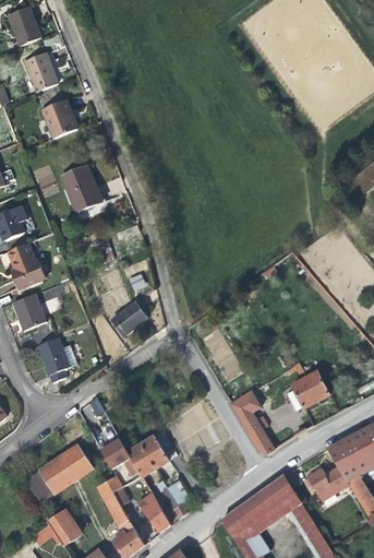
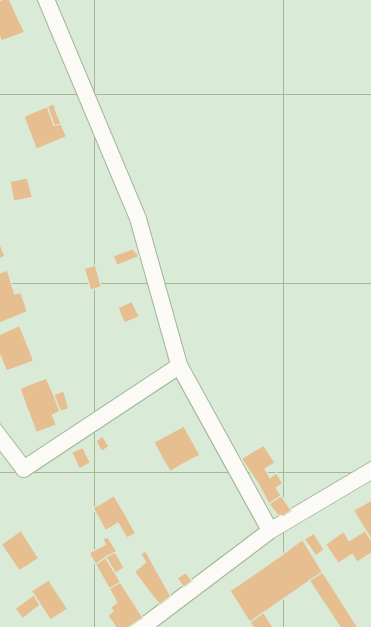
building: [27,52,60,90] -> none
building: [63,167,104,212] -> none
building: [114,304,150,335] -> none
building: [287,373,328,413] -> none
building: [128,437,168,476] -> [154,426,200,472]
building: [39,443,94,492] -> none

